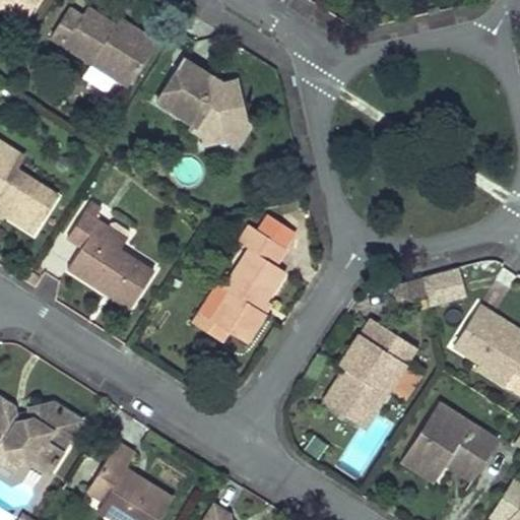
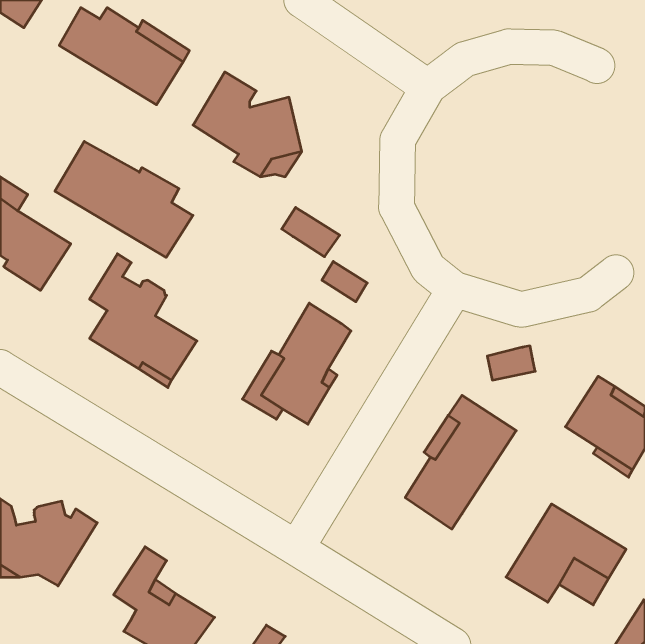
building: none -> [55,141,193,257]
building: [240,221,286,261] -> [282,207,340,257]

